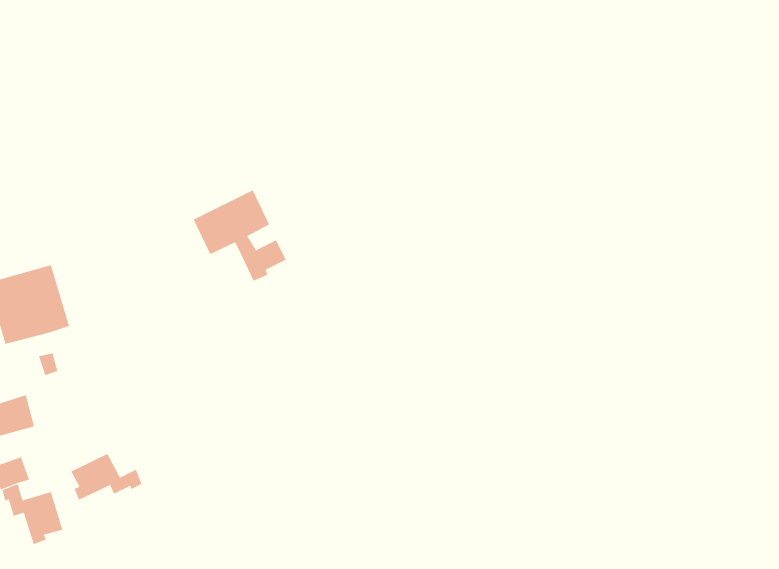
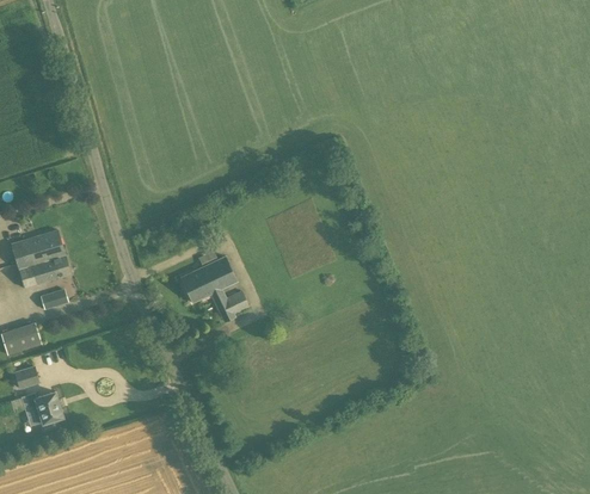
building: [193,190,286,281] -> [180,257,247,322]
building: [70,453,142,501] -> none

